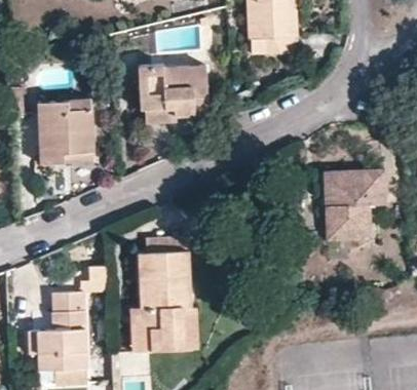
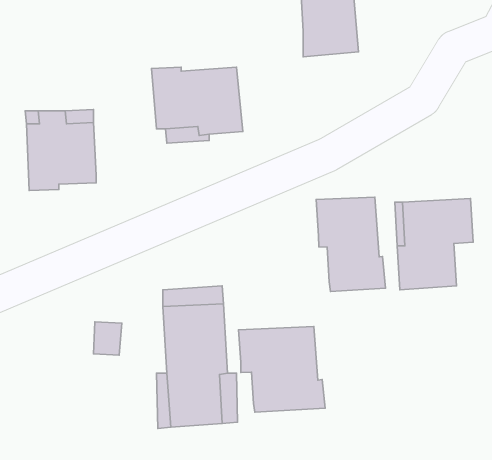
building: none -> [316,197,386,292]
building: none -> [239,326,325,412]
building: [28,290,85,373] -> none

